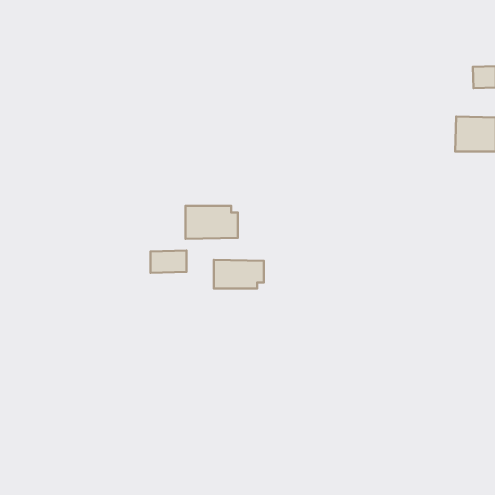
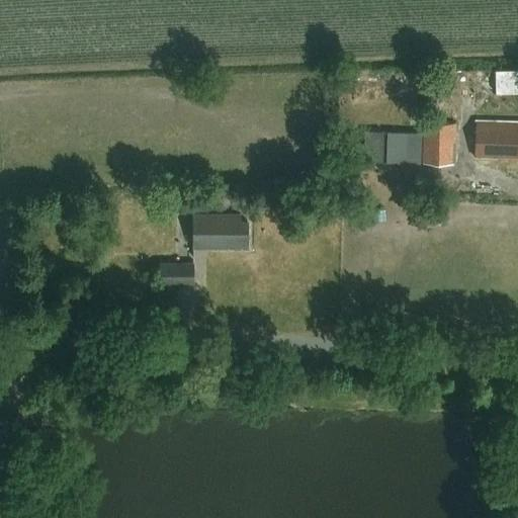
building: none -> [365,124,455,163]
building: [214,260,264,288] -> none

